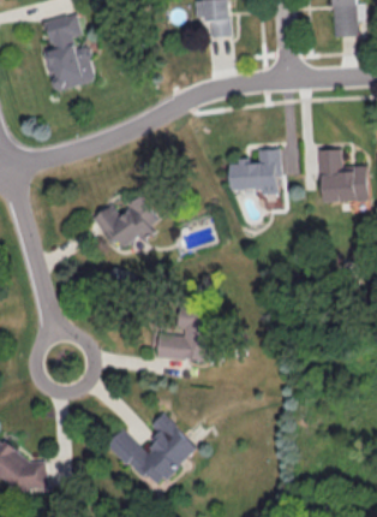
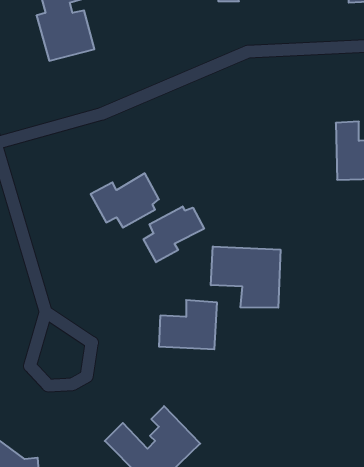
building: [229,148,281,201] -> none
building: none -> [144,206,204,262]
building: none -> [211,246,280,308]

